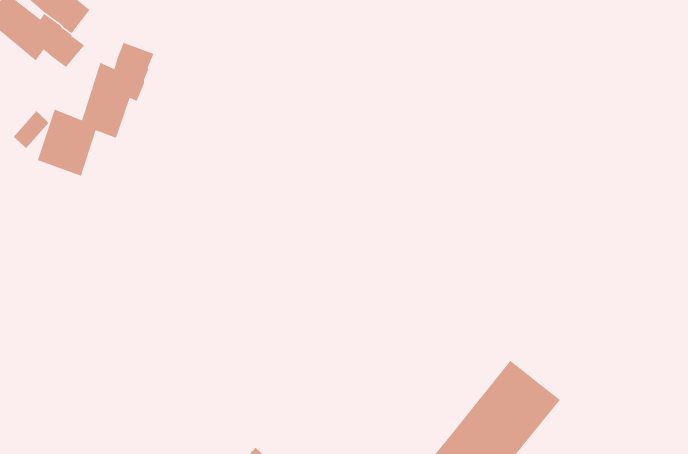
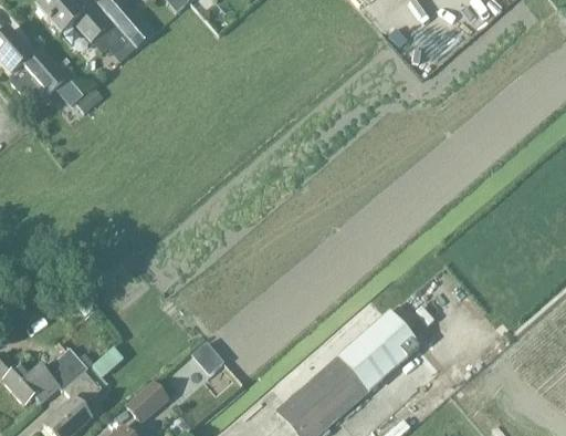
building: [37,42,154,177] -> none

